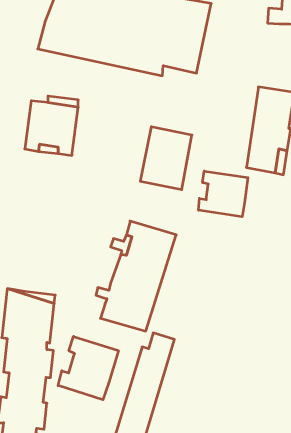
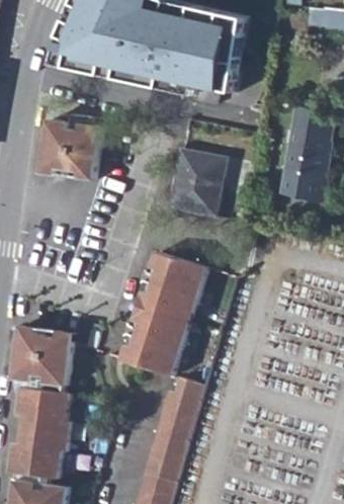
building: [199,171,248,217] -> none
building: [58,336,118,400] -> none

